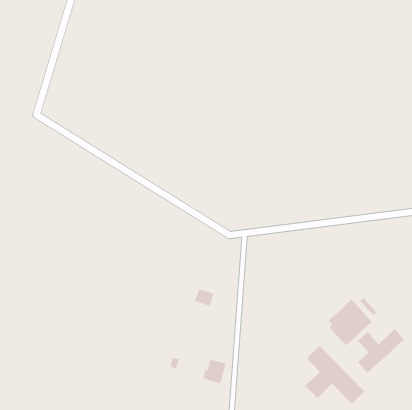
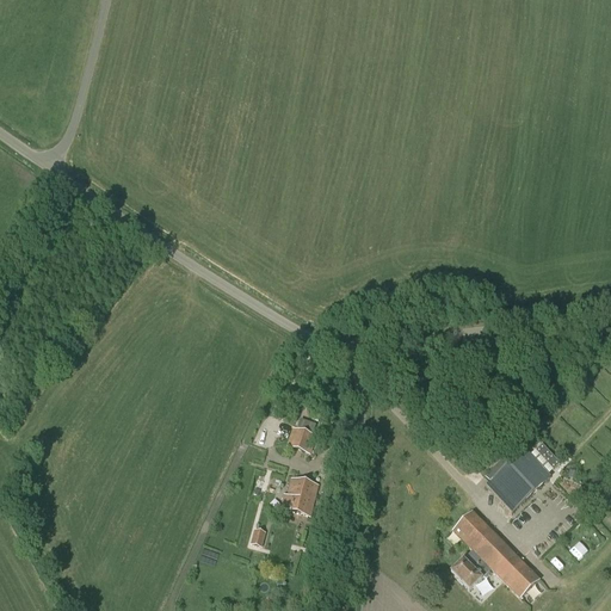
building: [357,328,405,373] -> none
building: [202,359,227,384] -> [283,477,319,514]

